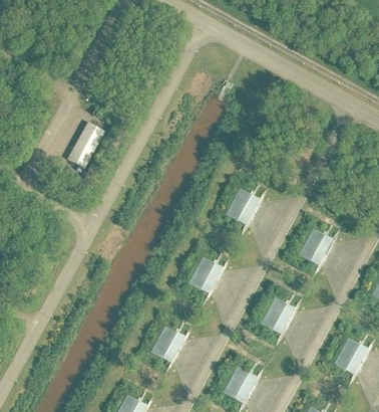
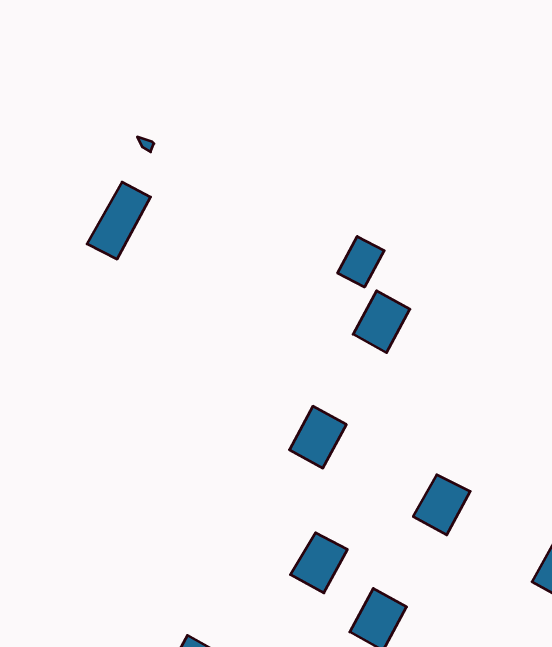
building: none -> [338,236,384,287]
building: [300,228,333,265] -> none
building: [149,326,183,362] -> [290,533,347,593]

